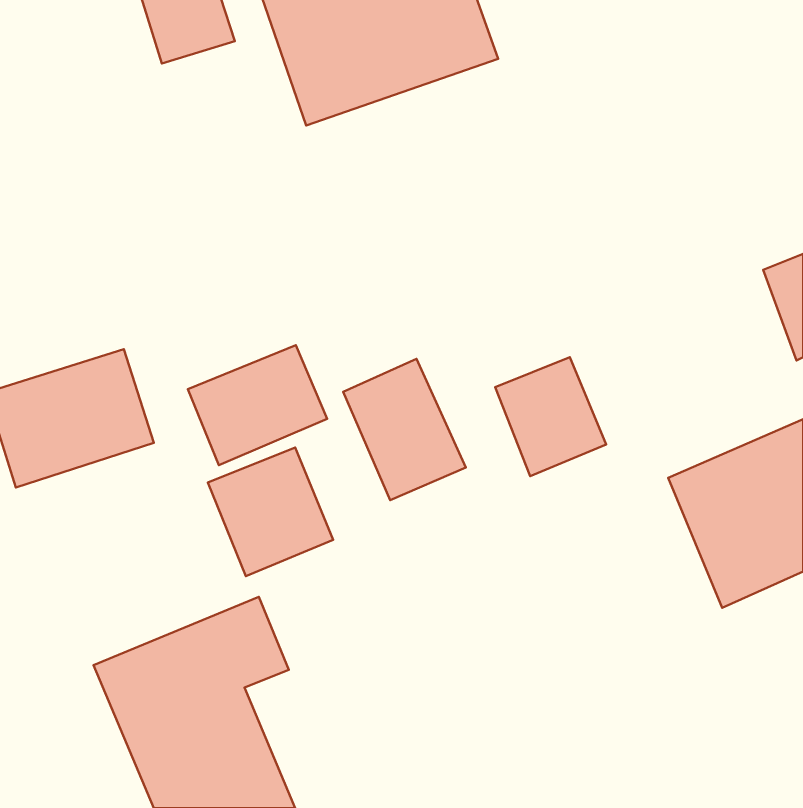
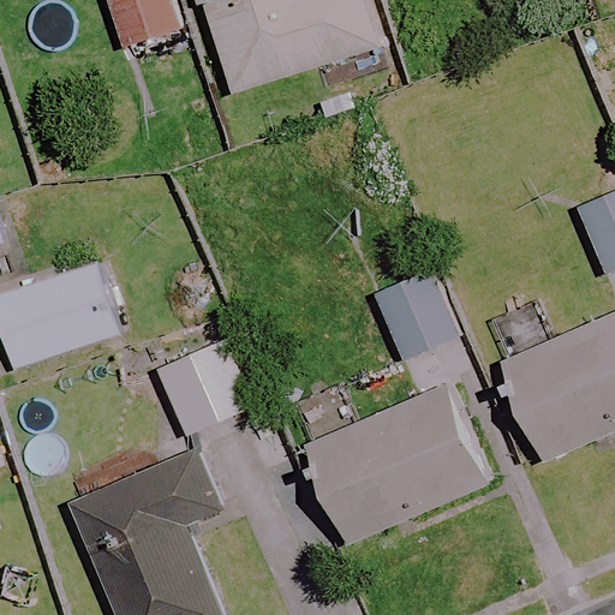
building: [188,345,327,465] -> none
building: [343,359,466,500] -> none
building: none -> [308,382,494,543]

